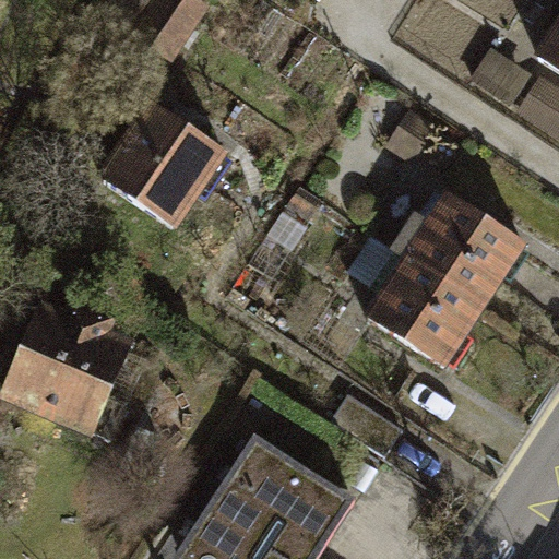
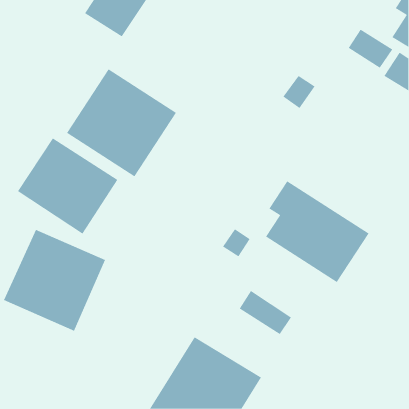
building: none -> [17,138,118,234]
building: [379,182,531,309] -> none

